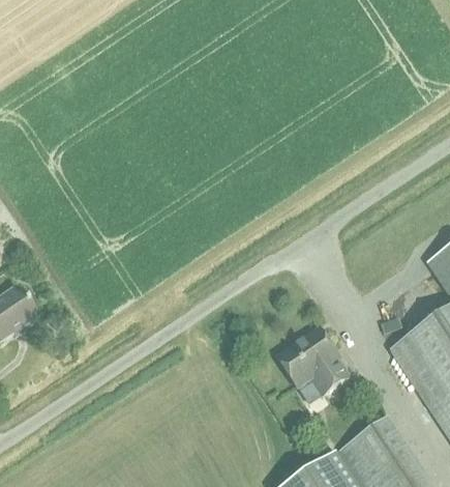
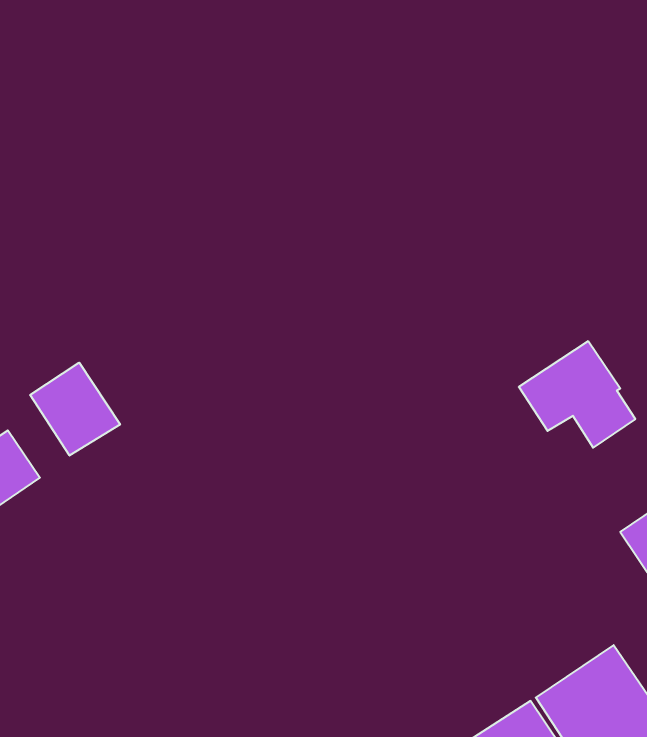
building: none -> [30,363,120,456]
building: [278,330,350,395] -> [519,341,635,448]

